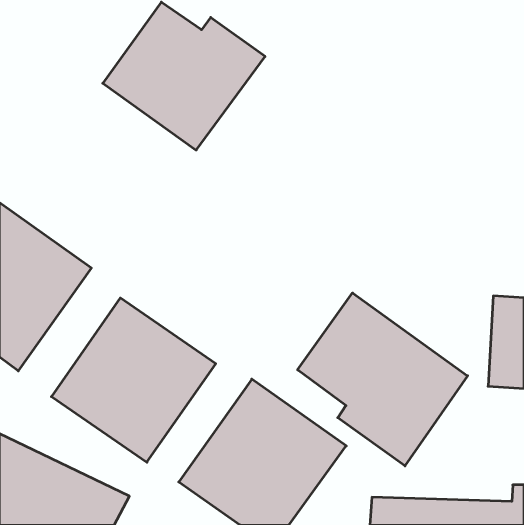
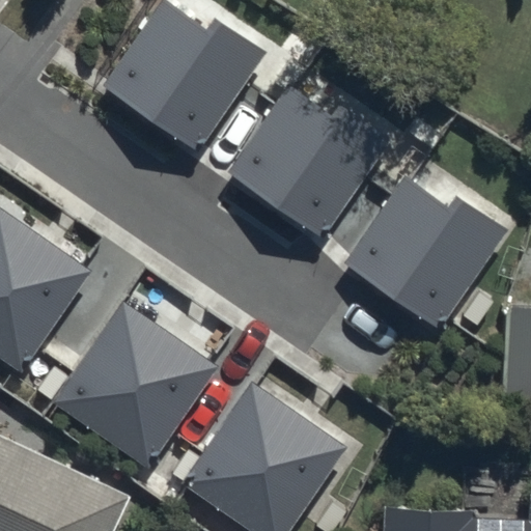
building: none -> [225,86,389,236]
building: none -> [346,178,509,329]
building: [298,293,468,466] -> none

